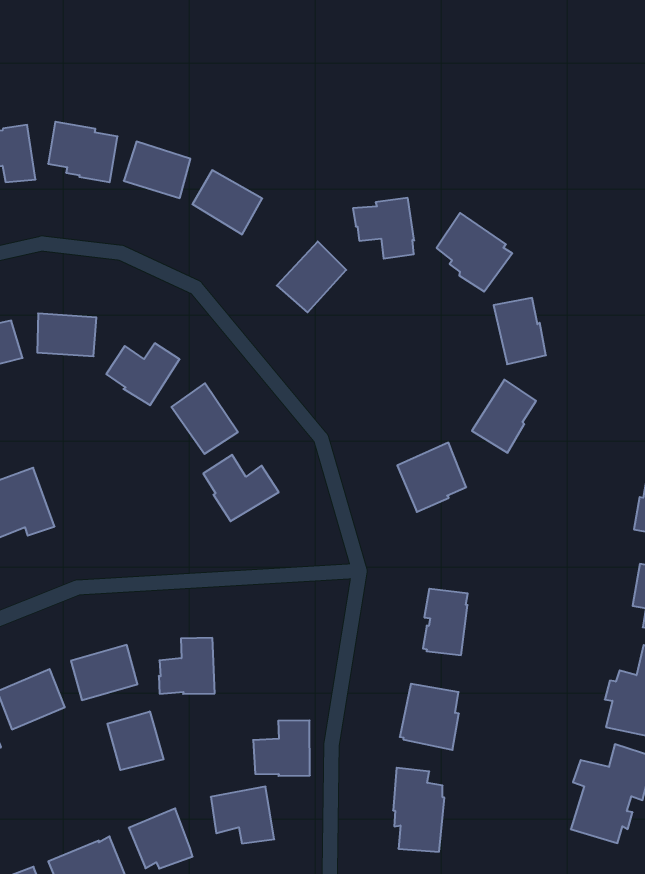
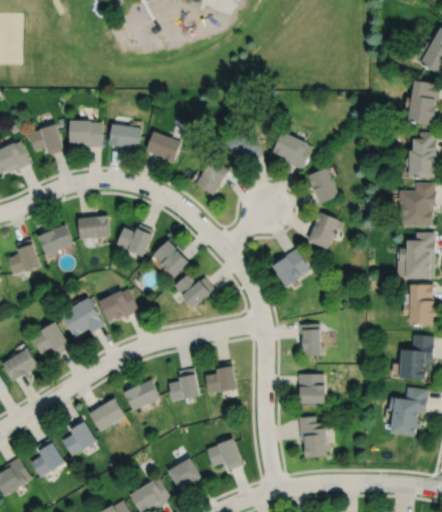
building: none -> [98,289,138,322]
building: [107,711,164,770] -> none
building: [253,720,310,776] -> [204,362,236,394]

